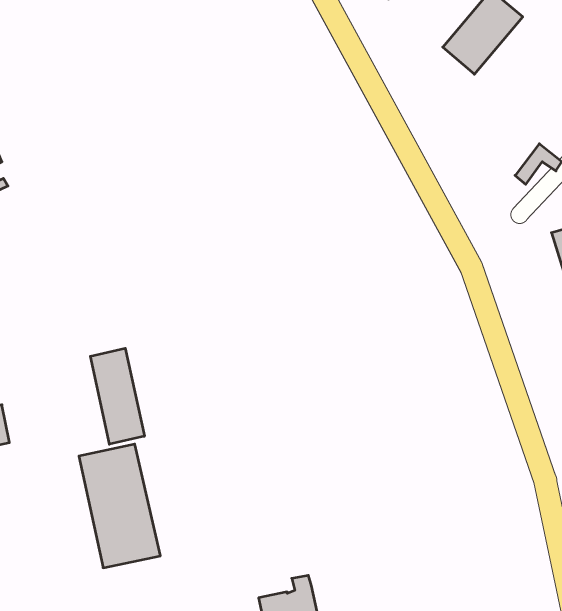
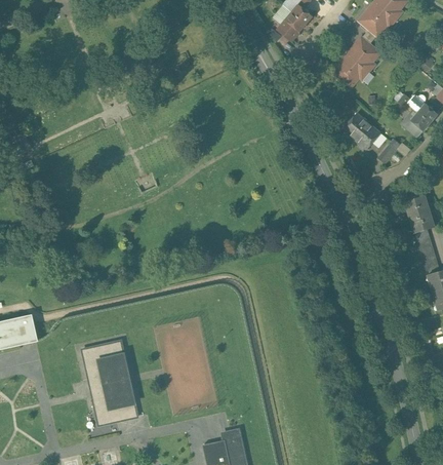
building: none -> [341,110,382,150]
building: [90,348,144,444] -> none

